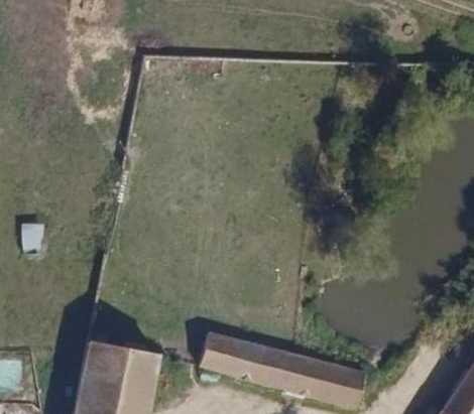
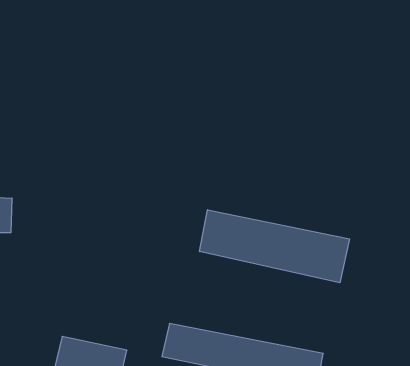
building: none -> [200,210,349,283]

